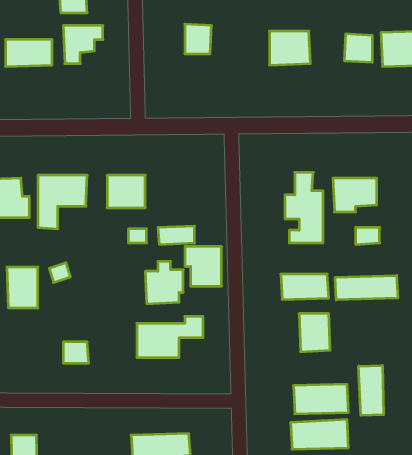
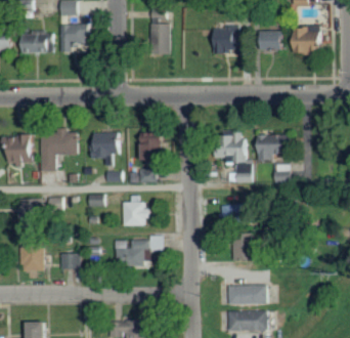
building: [185,247,222,286] -> [139,131,166,160]
building: [335,275,398,300] -> none
building: none -> [21,237,44,270]
building: [359,365,384,415] -> none

